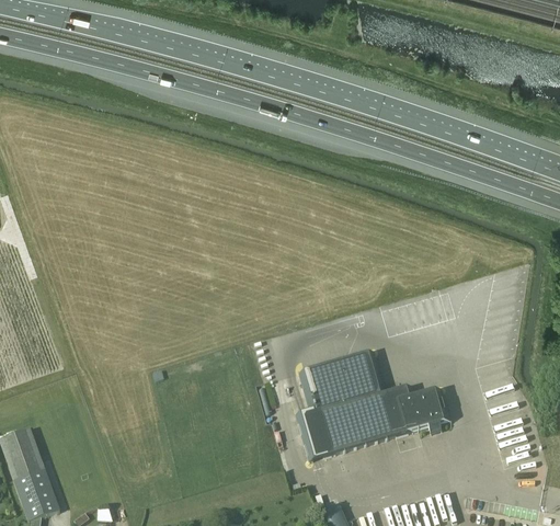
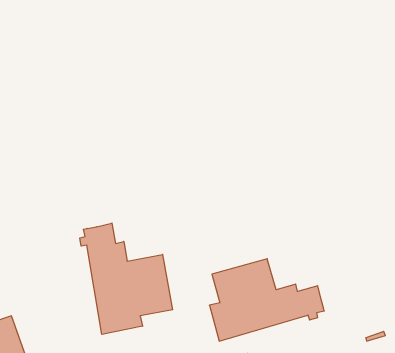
building: none -> [80,223,173,334]

